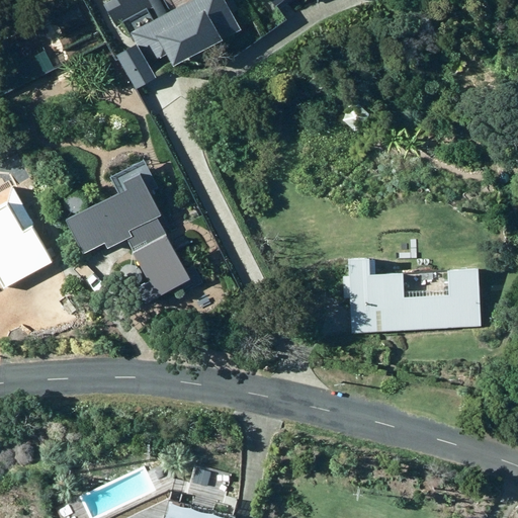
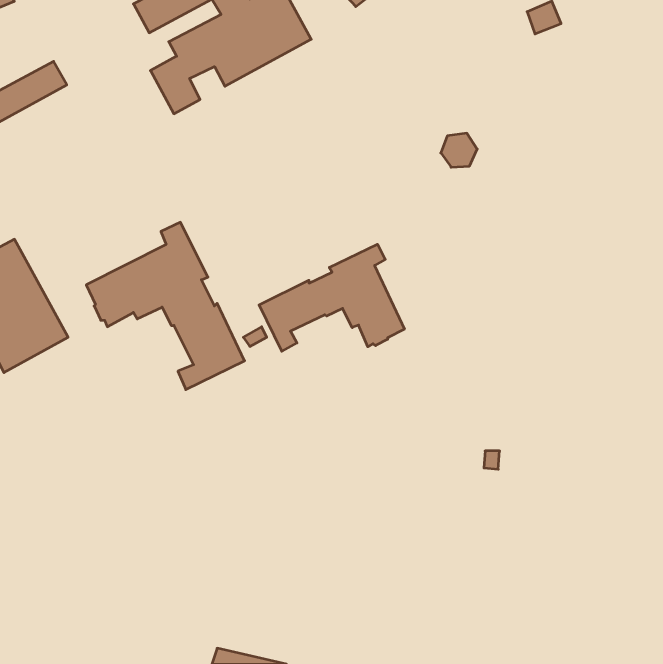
building: none -> [259,244,404,351]
building: [343,257,479,330] -> none

